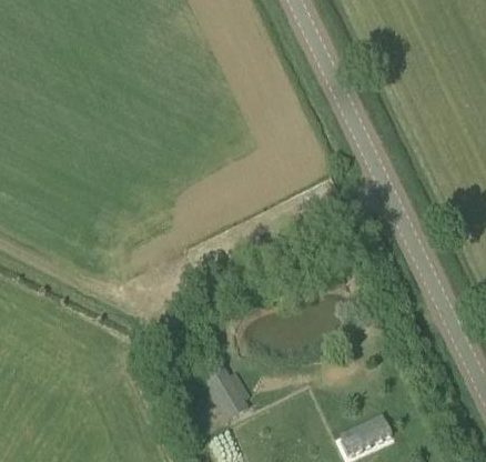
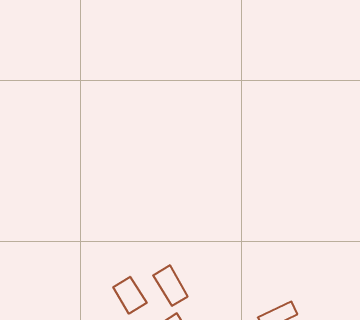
building: none -> [113,277,147,314]

